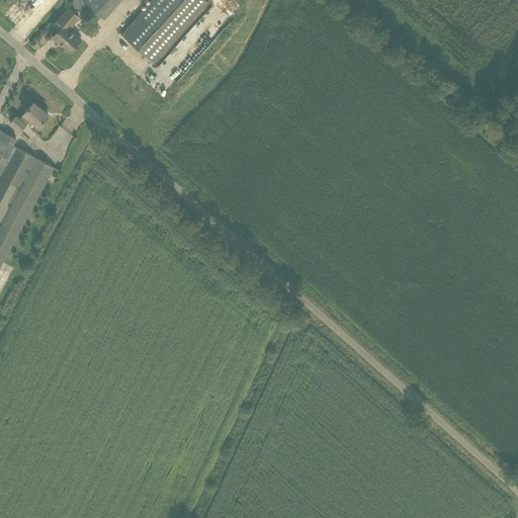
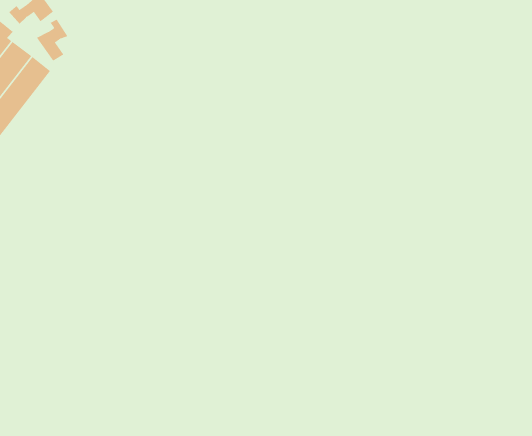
building: none -> [36,19,68,61]

